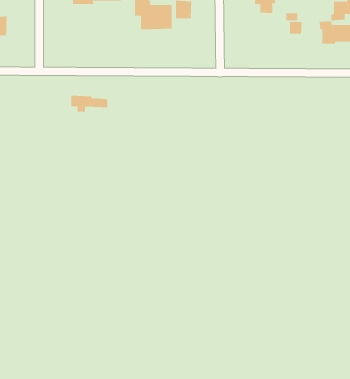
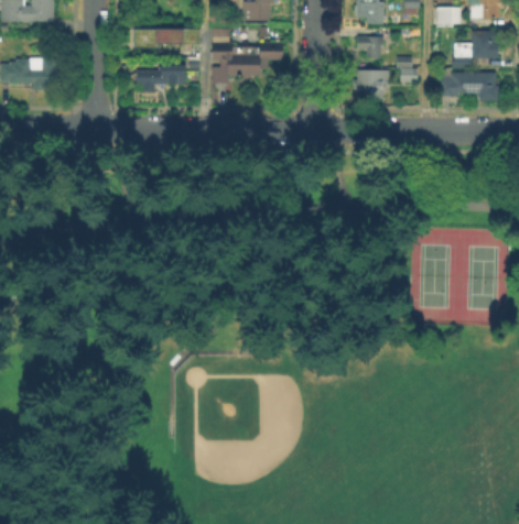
building: none -> [353,70,390,99]
building: [70,95,108,112] -> [134,72,181,92]

